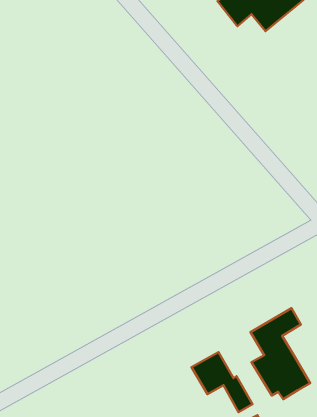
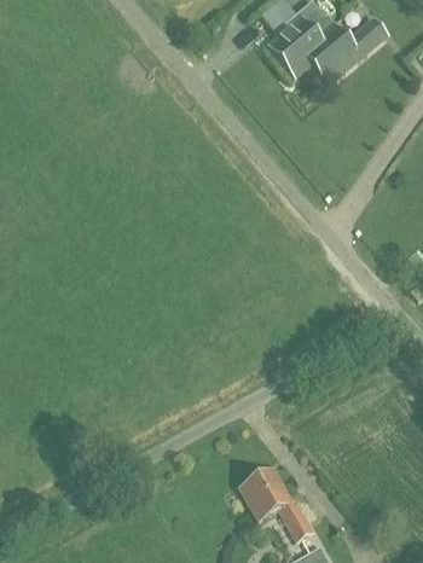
building: [251,308,310,399] -> none

